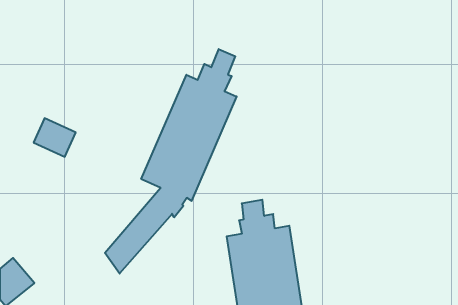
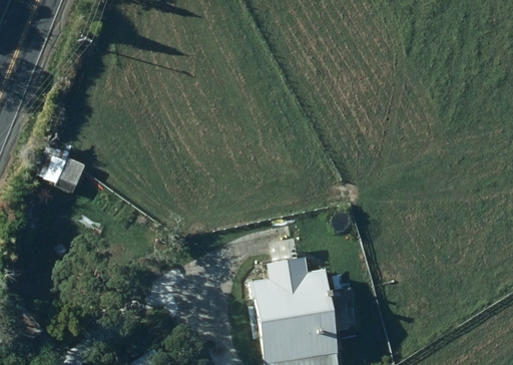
building: [105,49,237,274] -> none

